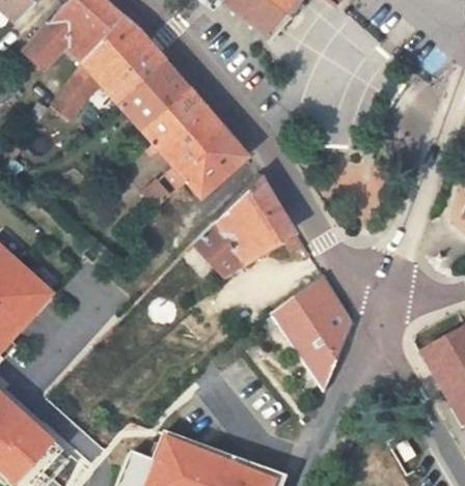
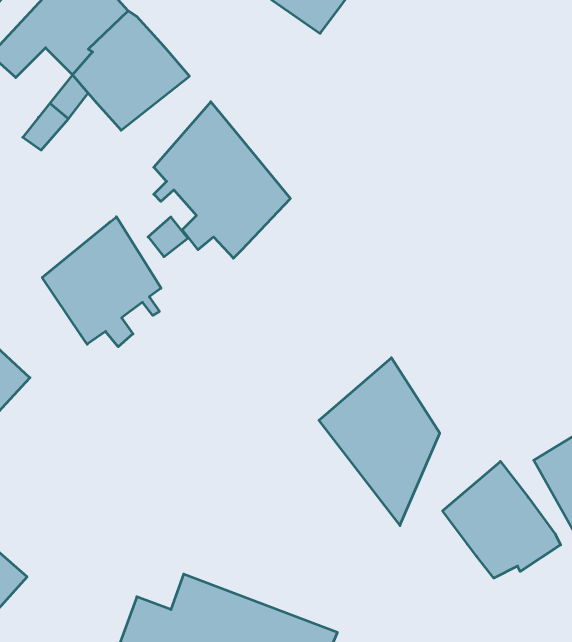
building: [120,69,186,136] -> none
building: none -> [42,217,161,347]
building: [200,181,293,278] -> none
building: none -> [443,461,561,578]

